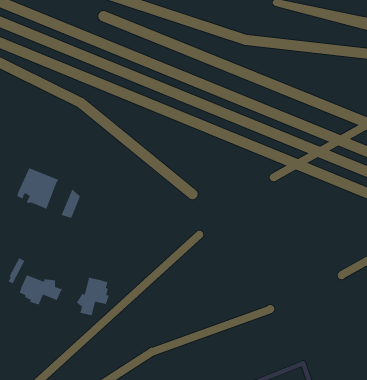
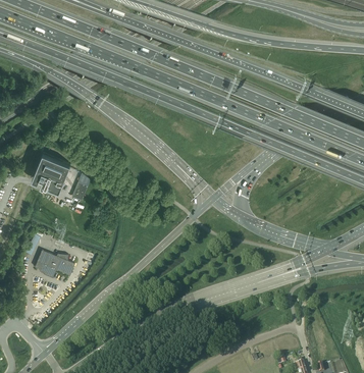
building: [76,277,110,316] -> none

